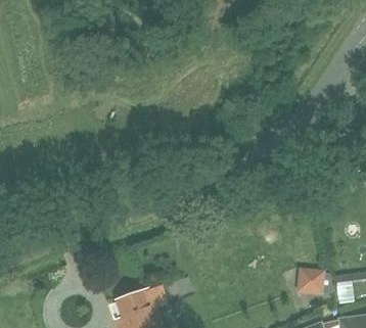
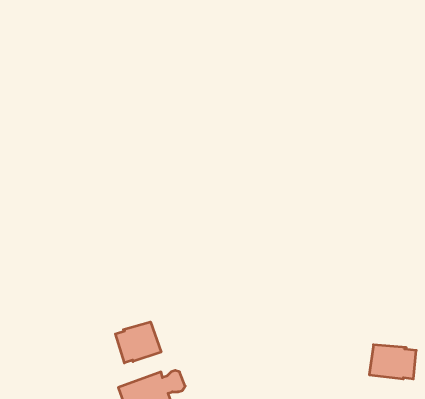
building: none -> [115,322,161,363]

